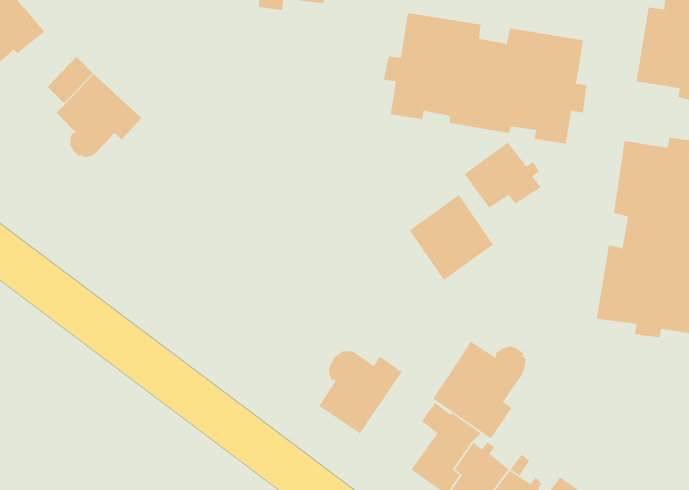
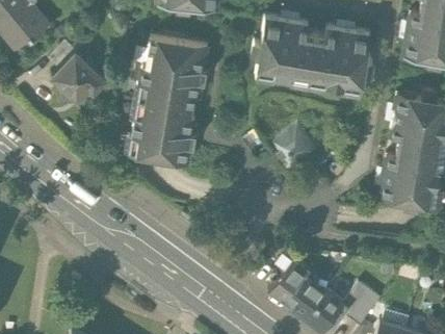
building: none -> [127,35,209,168]
building: [464,142,541,208] -> none
building: [432,341,526,439] -> none
building: [318,350,402,434] -> none

